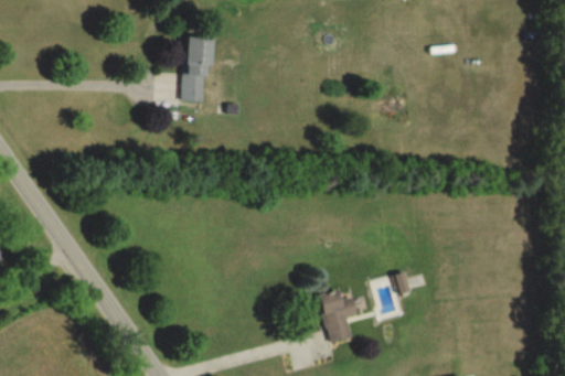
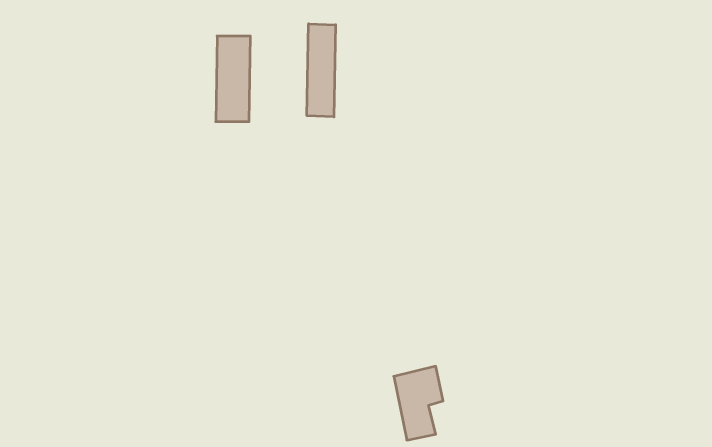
building: none -> [307,24,336,117]

